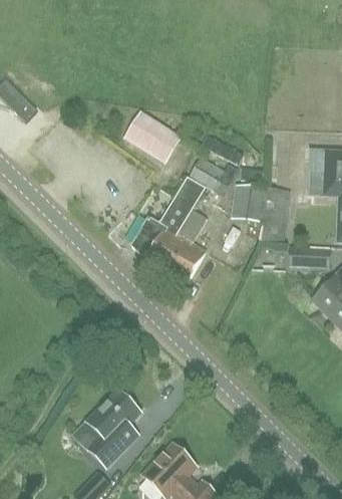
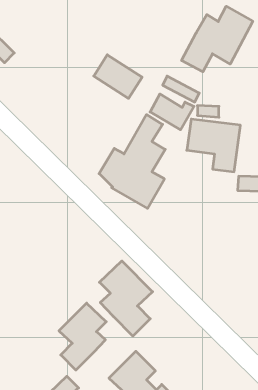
building: none -> [182,6,253,72]
building: none -> [99,261,153,336]

